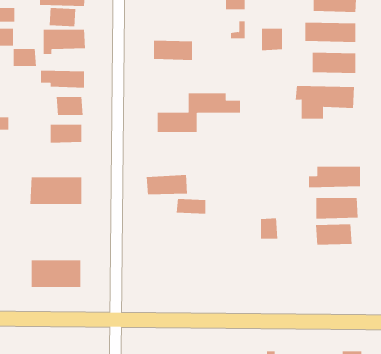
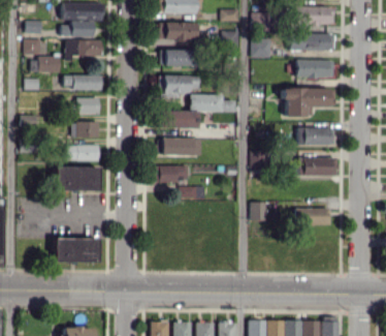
building: none -> [158,22,196,40]
building: none -> [159,75,199,96]
building: none -> [158,138,201,156]
building: none -> [65,144,99,160]
building: [315,198,359,219] -> [298,127,335,146]

